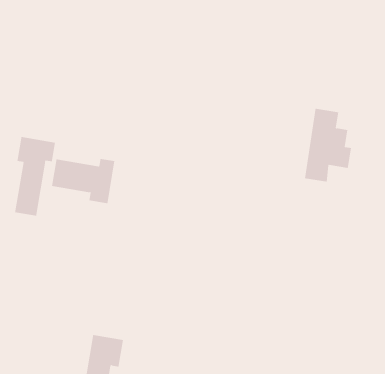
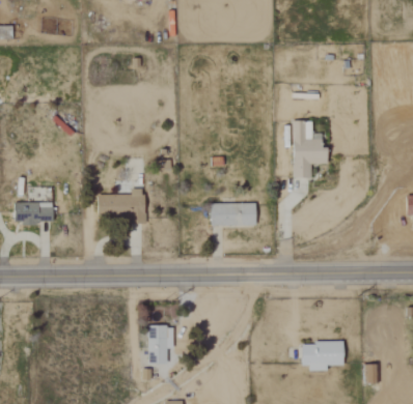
building: [15,136,55,217] -> none
building: none -> [211,203,256,226]

